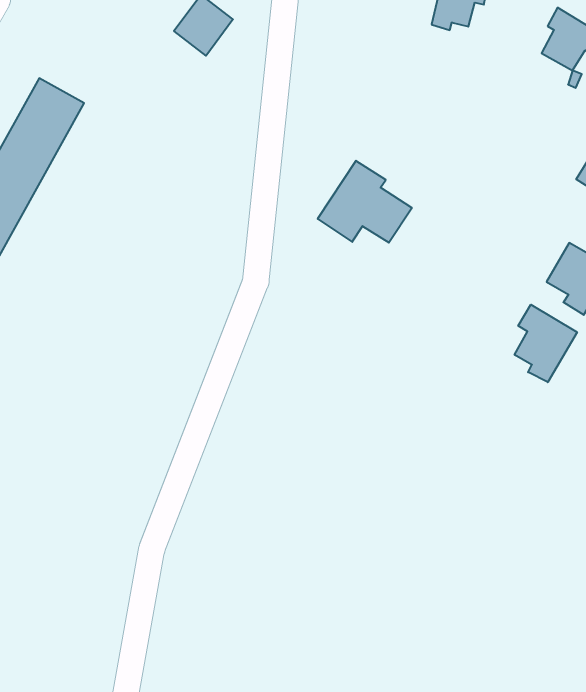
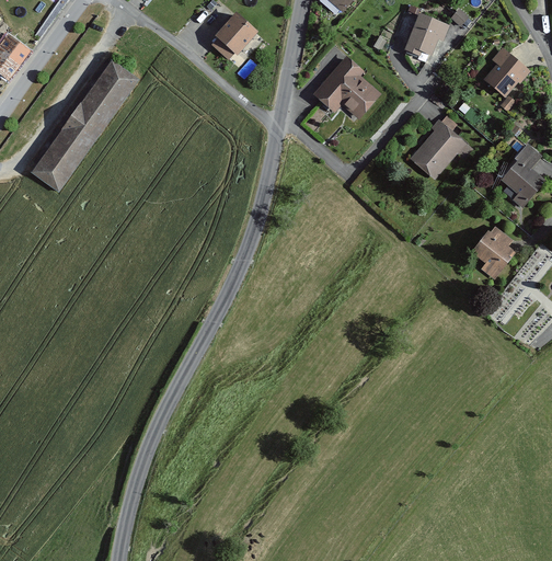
building: none -> [412,117,474,176]
building: [318,161,412,243] -> [310,54,381,117]
building: [515,305,577,382] -> none

